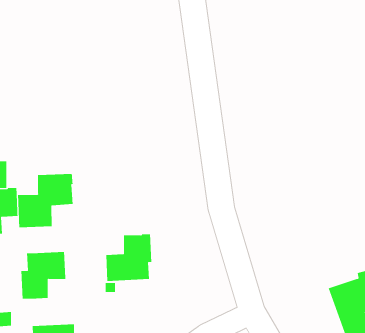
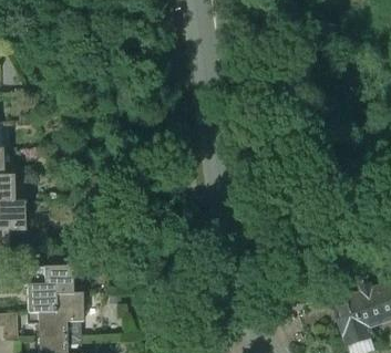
building: [18,173,73,228] -> none
building: [106,234,152,281] -> [37,292,83,340]

